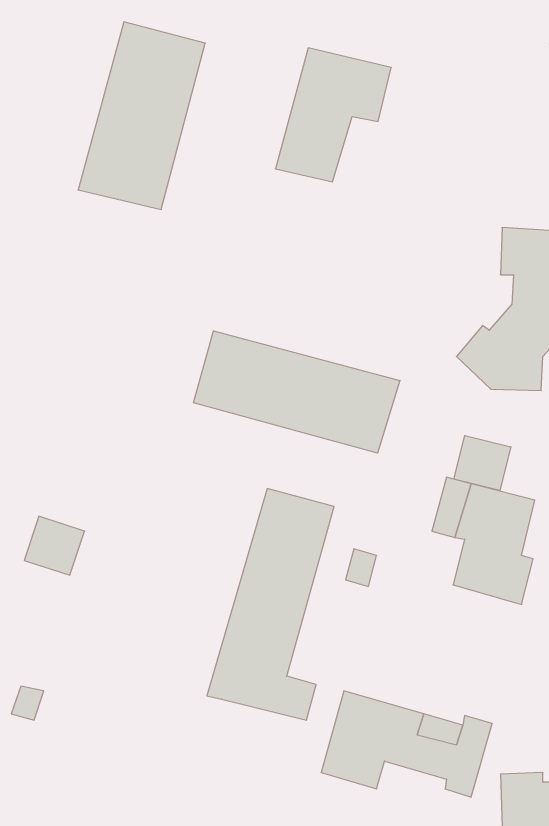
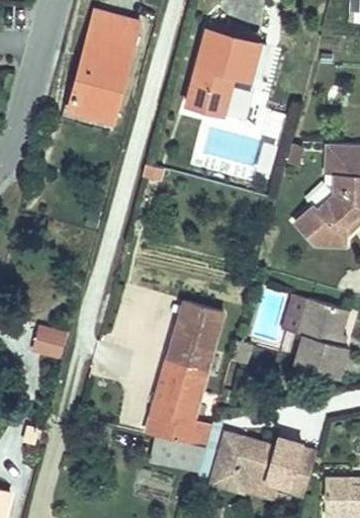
building: [193,331,400,453] -> none
building: [454,435,511,490] -> none
building: none -> [146,435,205,474]

